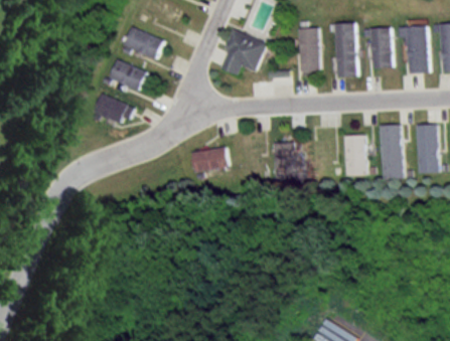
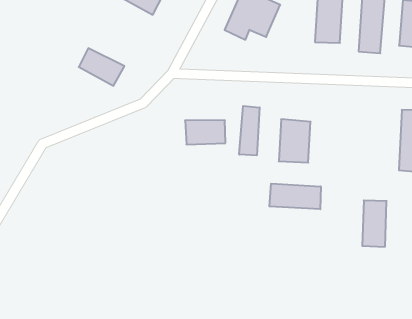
building: [107,60,144,92] -> none
building: none -> [239,106,260,155]
building: [344,135,366,176] -> [362,200,387,247]
building: none -> [269,184,321,209]

